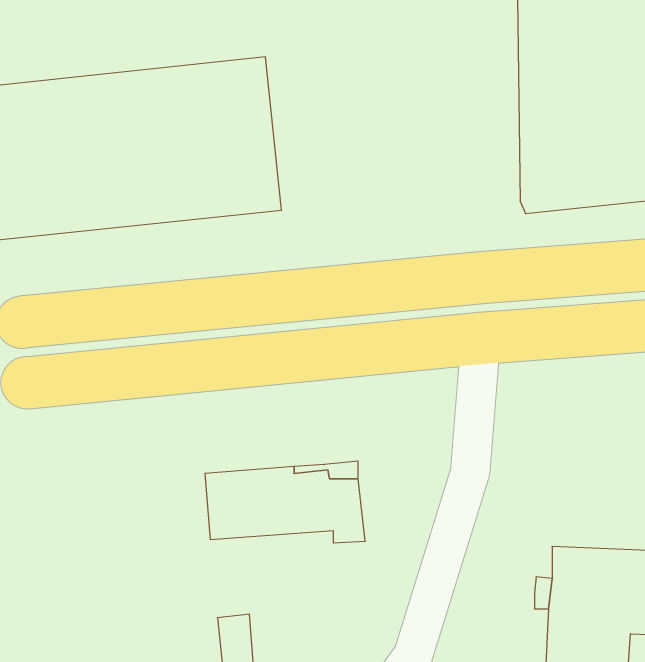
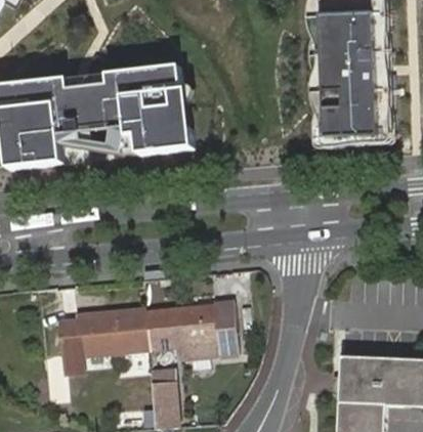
building: none -> [60,310,145,373]

